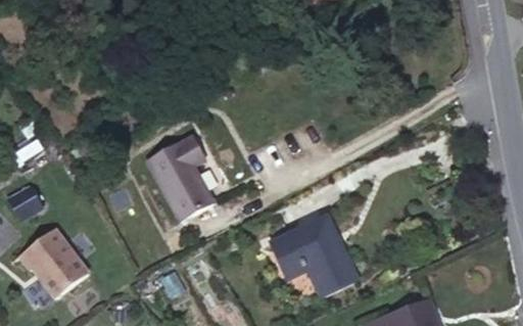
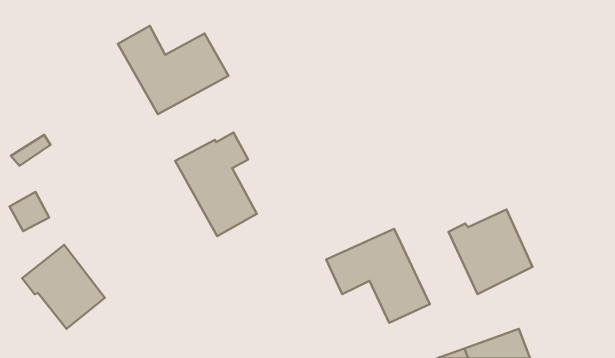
building: none -> [118,26,228,114]
building: none -> [448,210,533,294]

